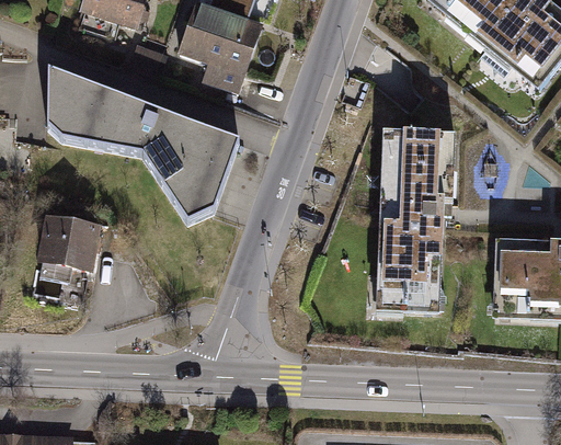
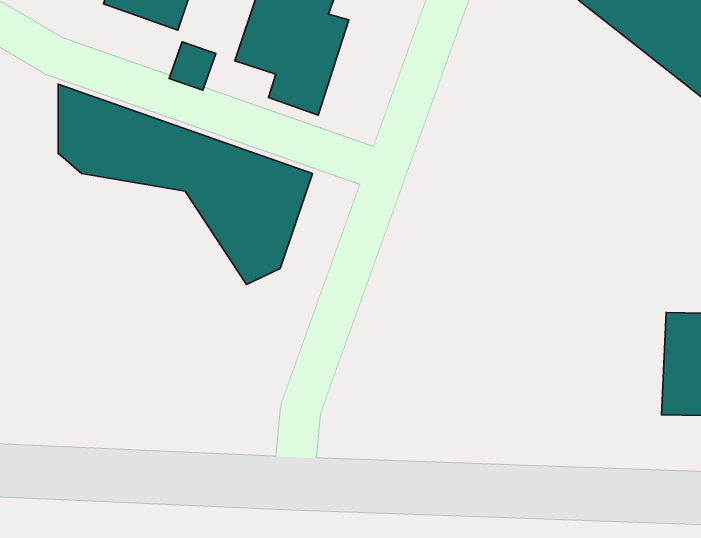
building: [365,135,446,317] -> none
building: [42,215,110,273] -> none

